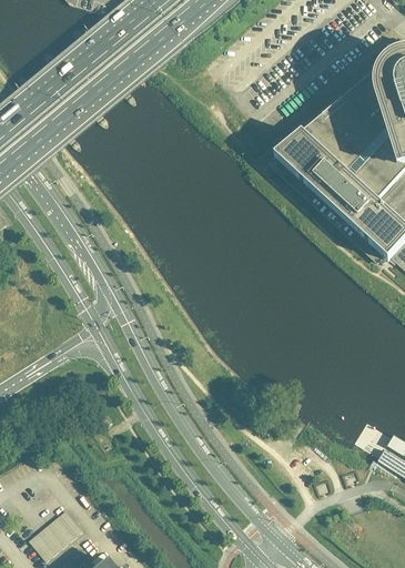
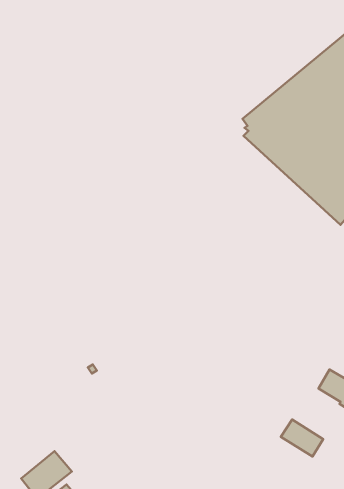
building: none -> [281,419,323,456]

